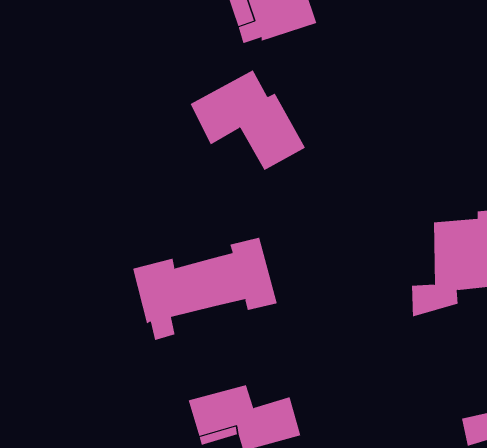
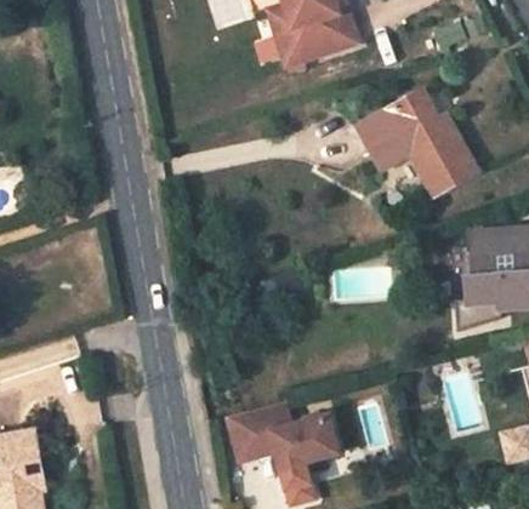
building: [190,70,306,171] -> [359,92,474,193]
building: [133,237,278,341] -> none

